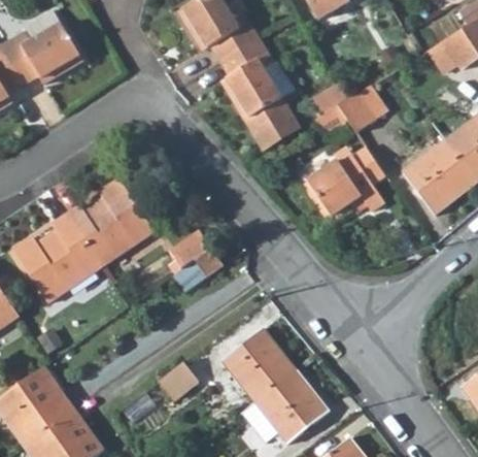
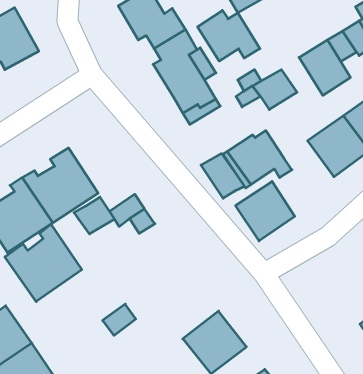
building: none -> [198,10,260,61]
building: none -> [299,40,350,95]
building: none -> [201,154,244,198]
building: none -> [236,181,295,241]
building: none -> [74,197,114,234]
building: none -> [5,224,82,302]
building: [221,332,297,404] -> none

